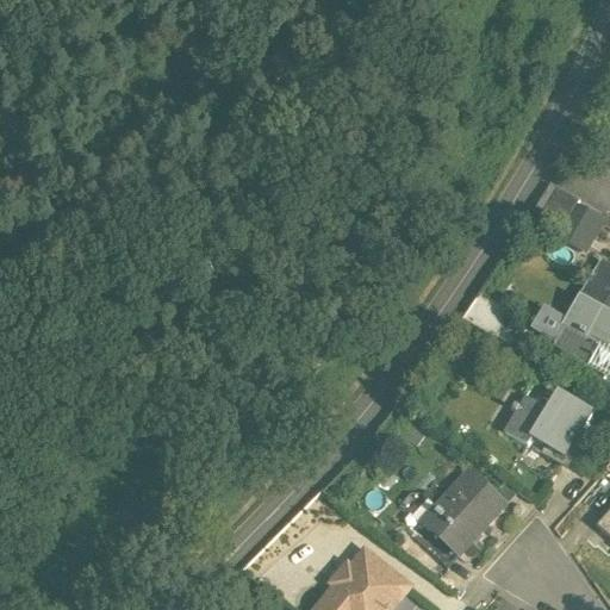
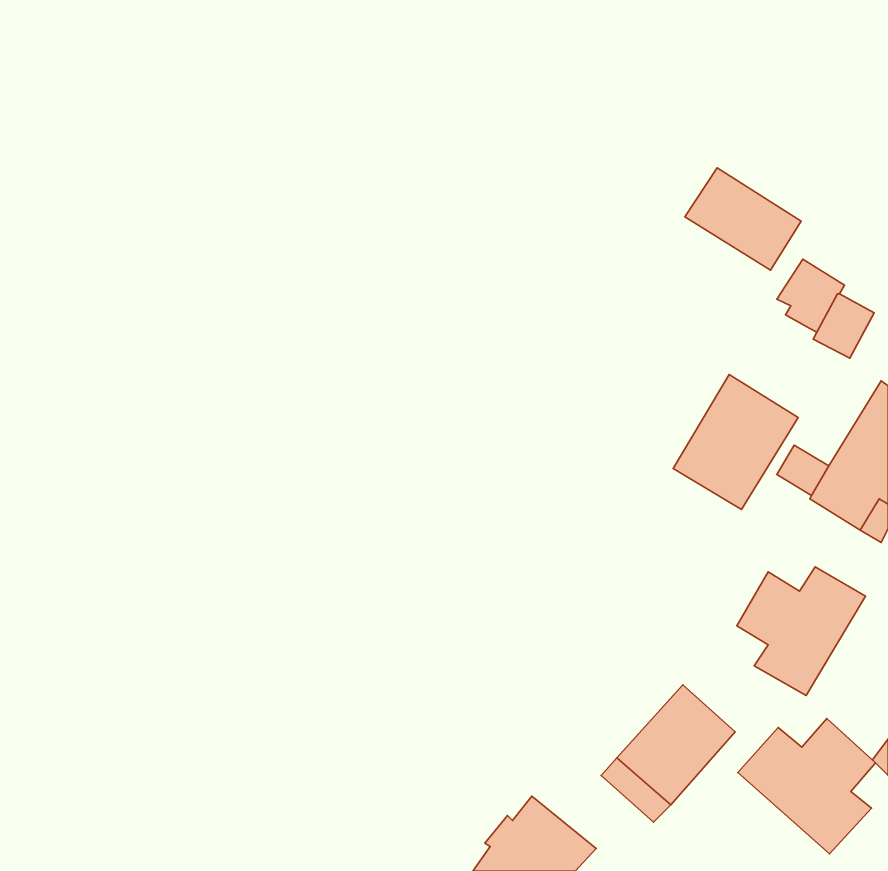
building: none -> [685,168,801,270]
building: none -> [673,374,798,510]
building: none -> [738,719,876,854]

